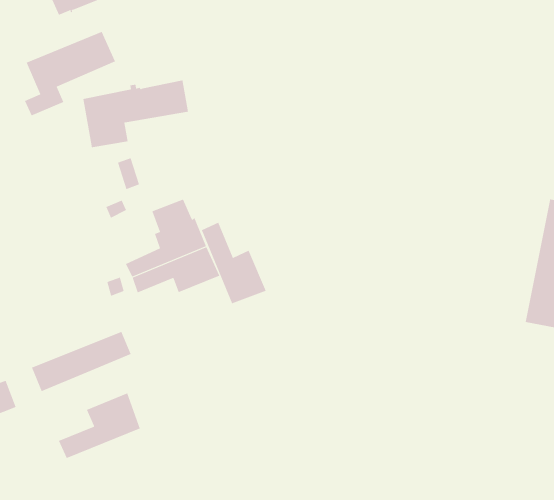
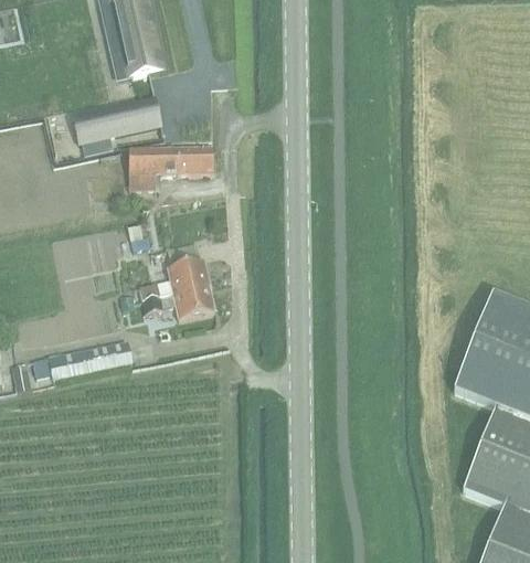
building: [201,222,266,304] -> none
building: [58,392,141,459] -> none

